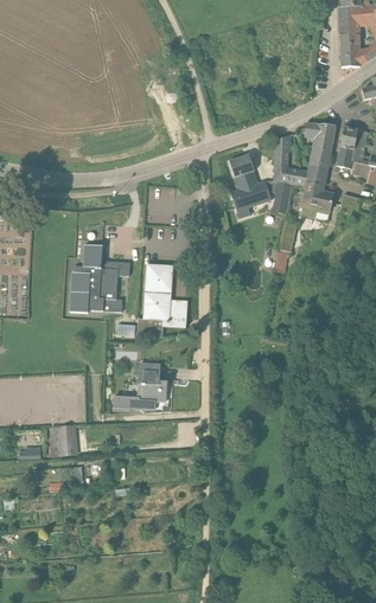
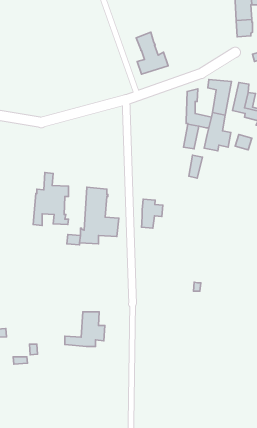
building: [229,153,270,207] -> [136,32,168,74]
building: none -> [141,199,163,228]
building: [114,363,166,408] -> [65,312,105,346]
building: [49,423,77,455] -> none

